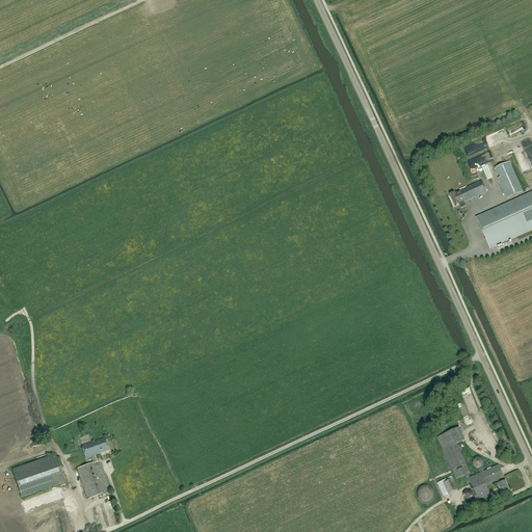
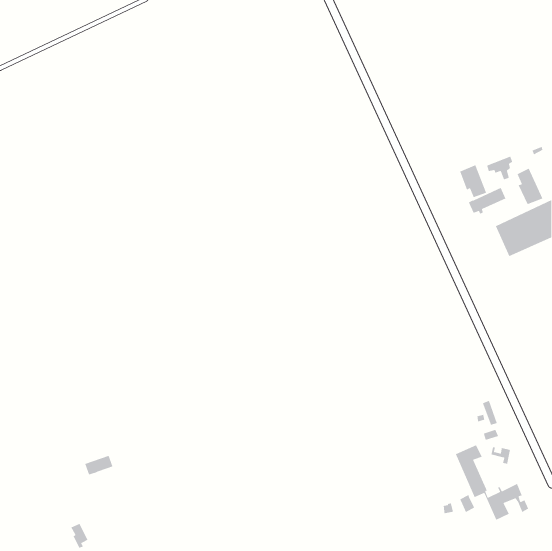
building: none -> [459,164,487,198]
building: [11,453,64,497] -> none
building: [77,460,109,499] -> none

